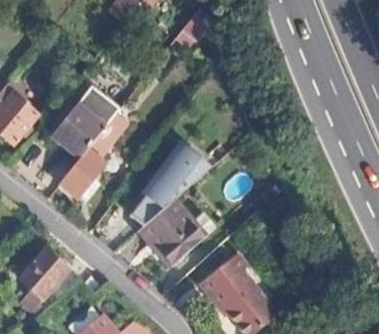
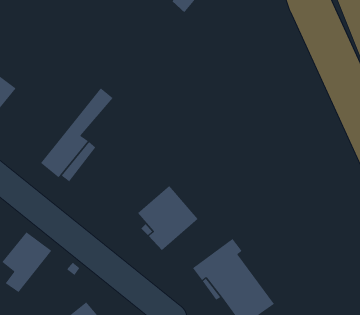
building: [51,87,118,159] -> none
building: [136,147,214,232] -> none

